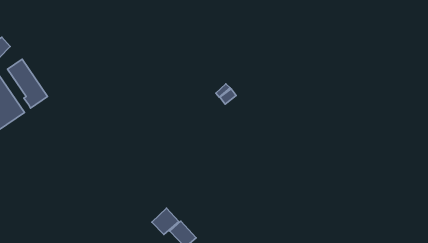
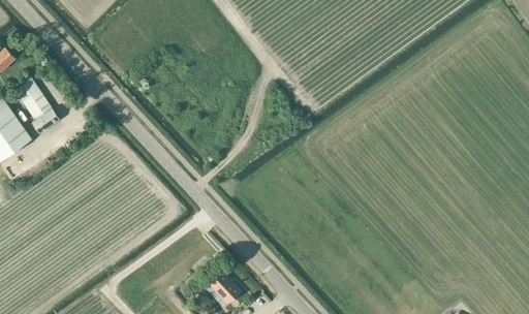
building: [152,208,179,235] -> none

